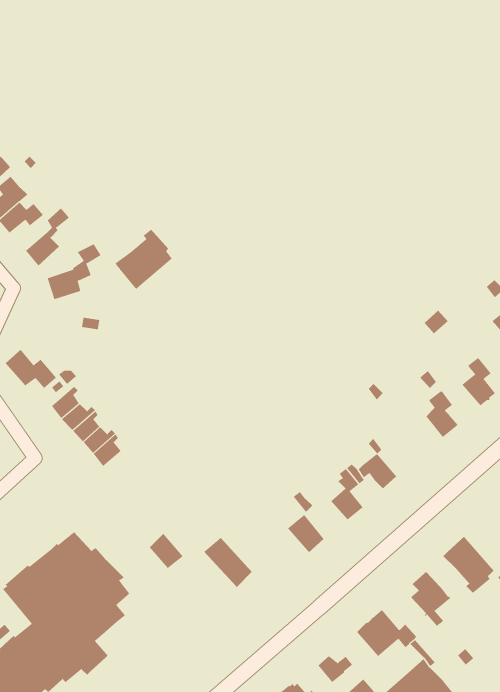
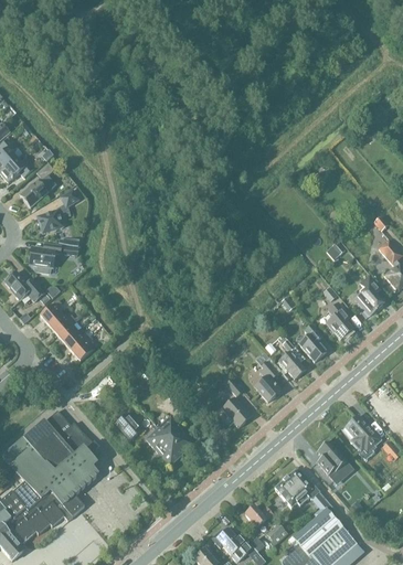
building: [115,229,173,290] -> none
building: none -> [31,243,60,274]
building: none -> [299,323,326,361]
building: none -> [145,426,182,465]

